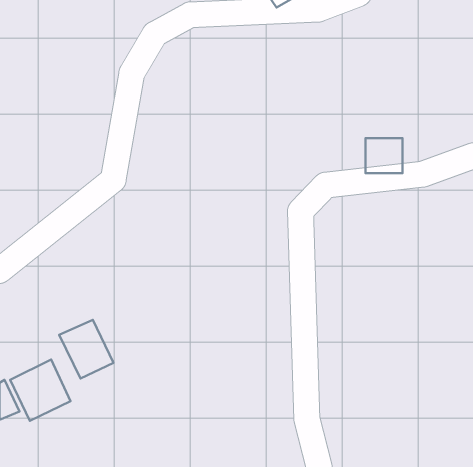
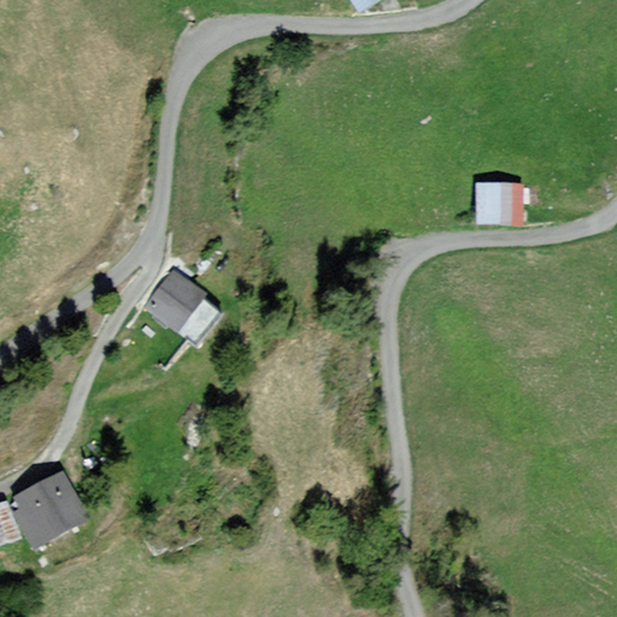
building: none -> [141,270,202,331]
building: [59,320,114,378] -> none

